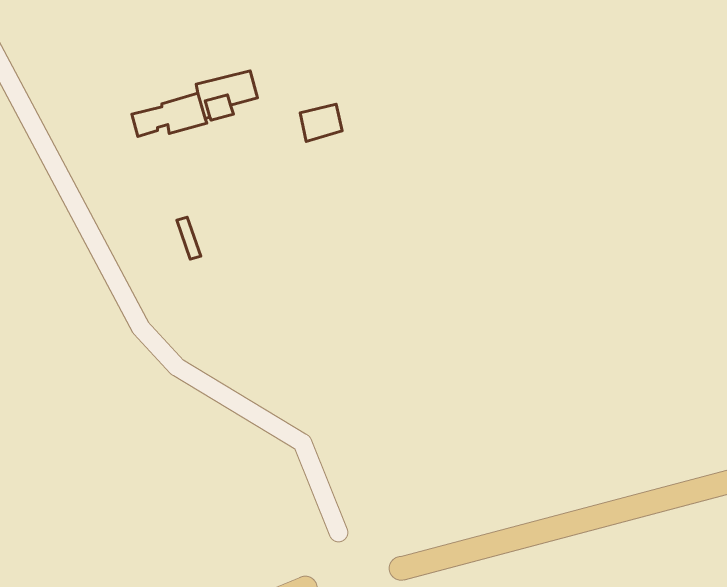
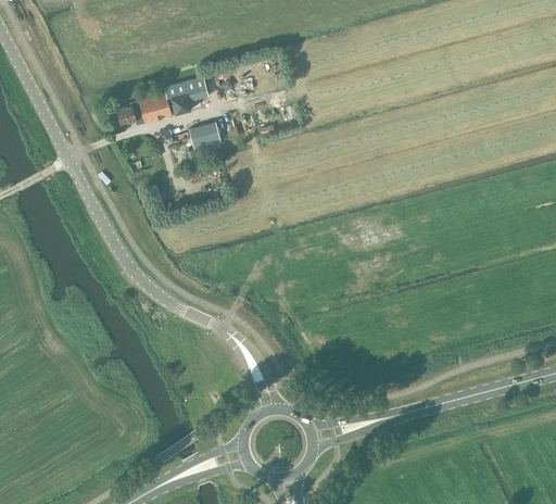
building: [300,104,342,141] -> [190,126,220,153]

